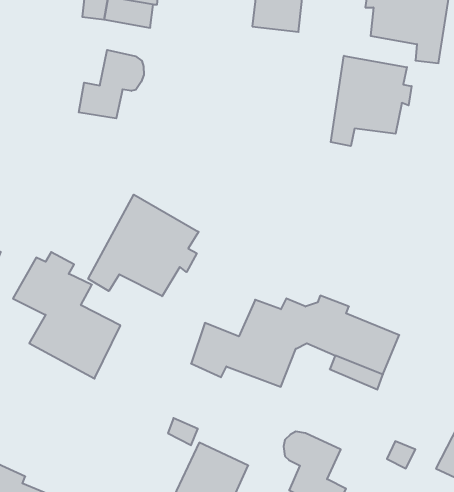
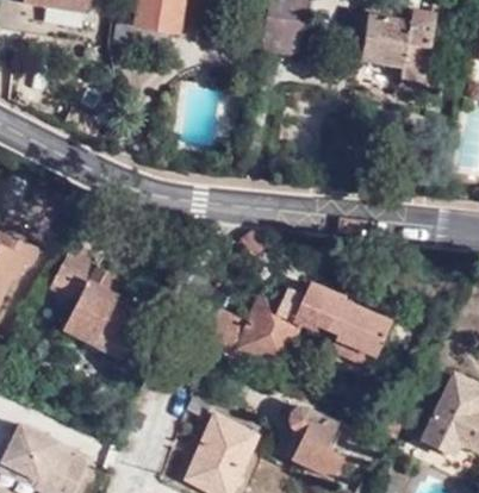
building: [79,50,144,118] -> none
building: [331,56,412,146] -> none
building: [88,195,199,296] -> none

